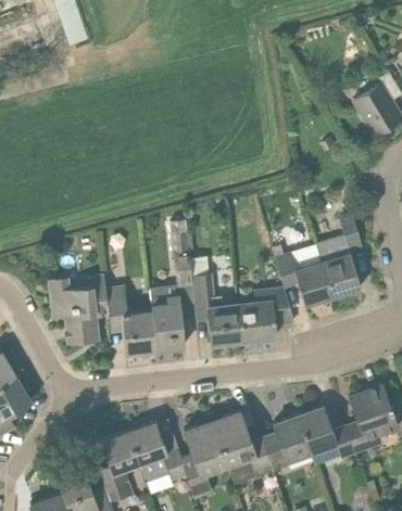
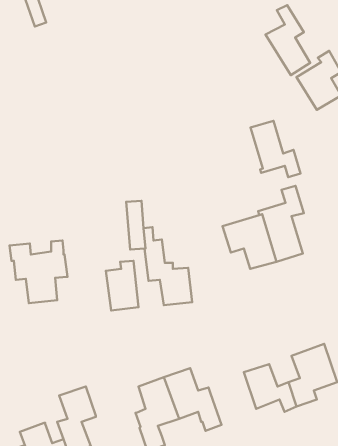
building: none -> [265,5,310,75]
building: none -> [251,121,300,177]
building: [105,288,155,353] -> none
building: [238,290,293,341] -> none
building: [262,416,311,473] -> none
building: [128,421,187,483] -> none

